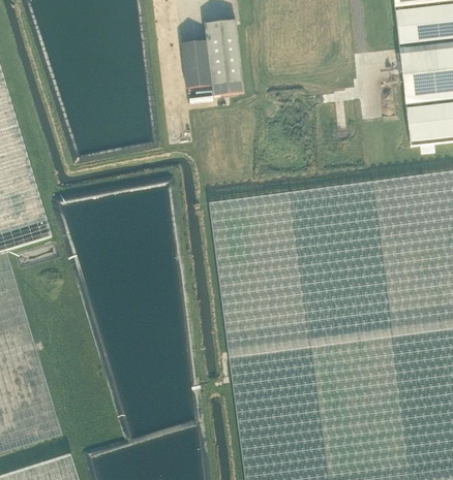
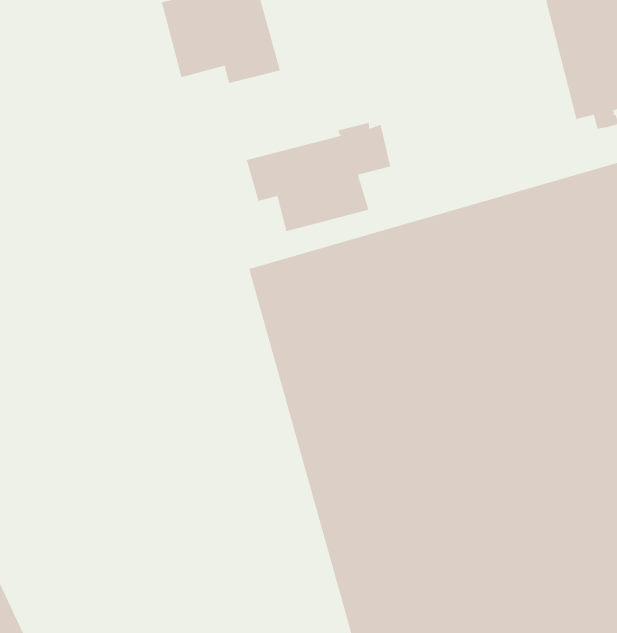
building: none -> [246,122,391,232]

